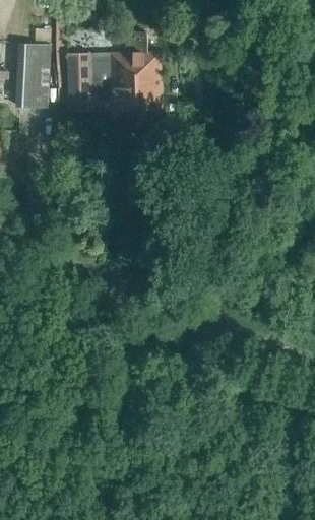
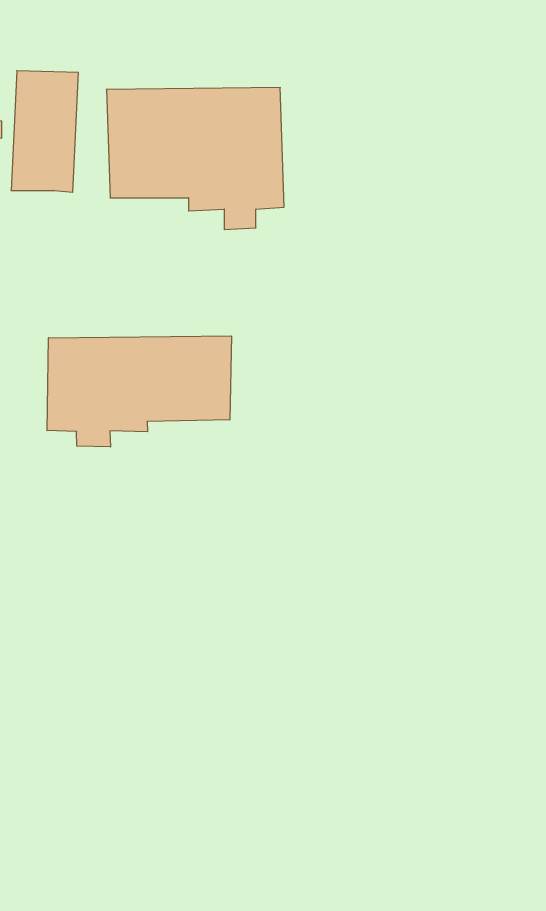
building: none -> [47,336,231,447]

